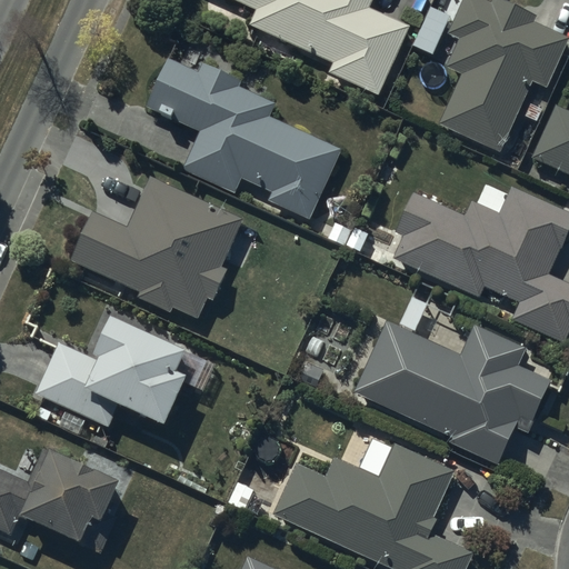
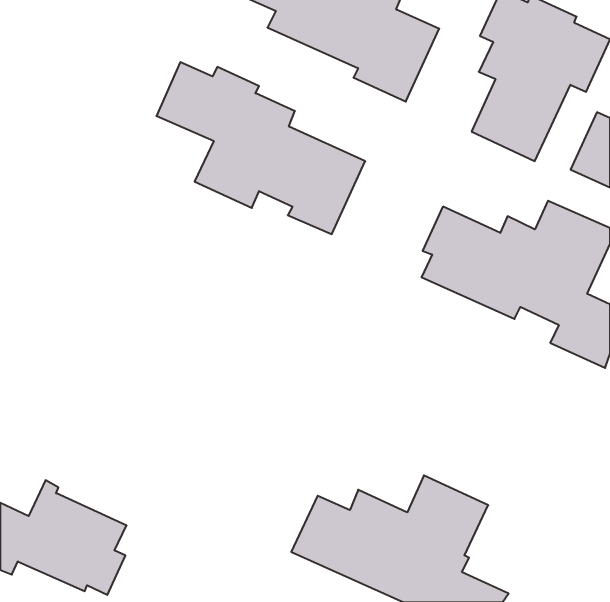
building: [70,178,242,319] -> none
building: [352,320,552,465] -> none
building: [36,325,186,433] -> none

